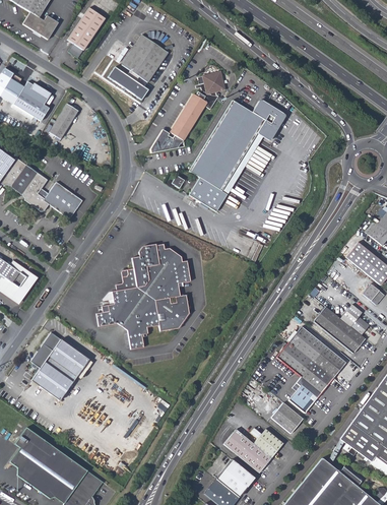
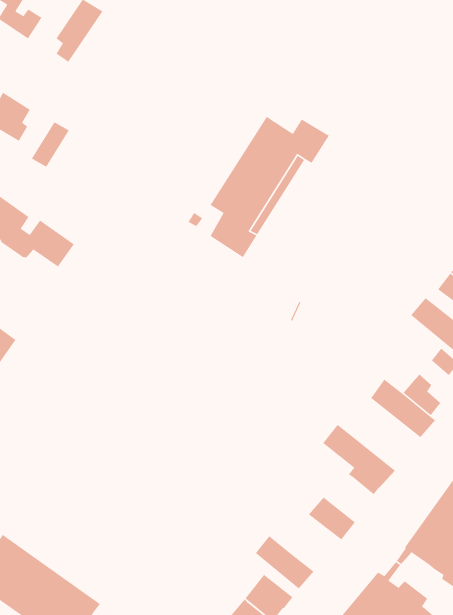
building: [108,34,168,101] -> none
building: [151,67,227,152] -> none
building: [95,244,190,350] -> none
building: [289,326,346,378] -> none
building: [29,334,87,401] -> none
building: [289,381,318,413] -> none
building: [251,428,283,457] -> none

